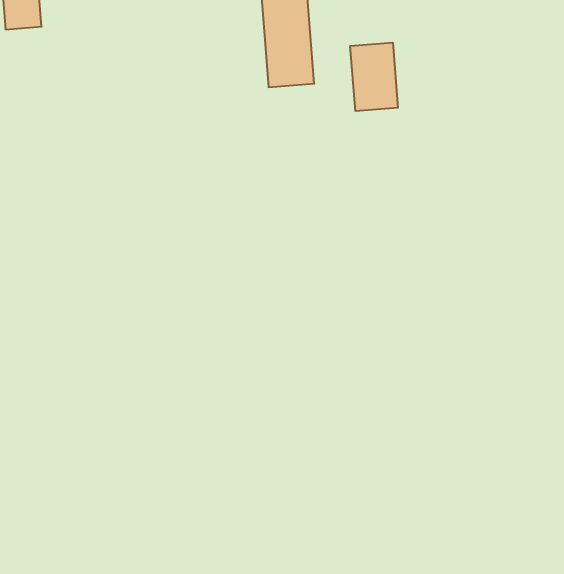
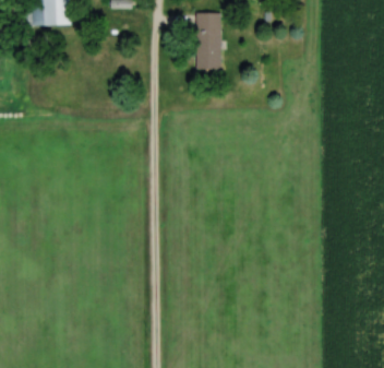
building: [350,43,398,111] -> none

